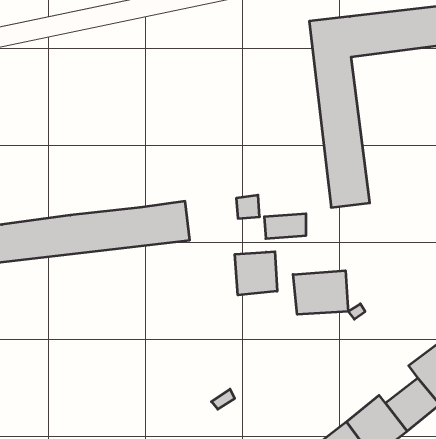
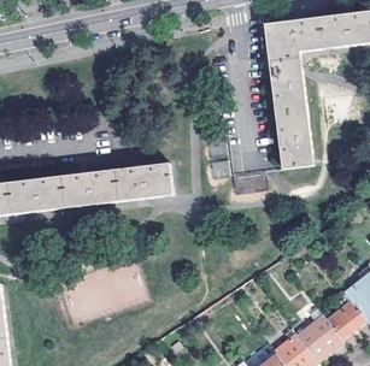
building: [235,252,277,295] -> none
building: [293,271,348,314] -> none

